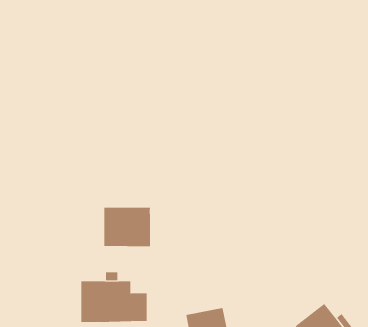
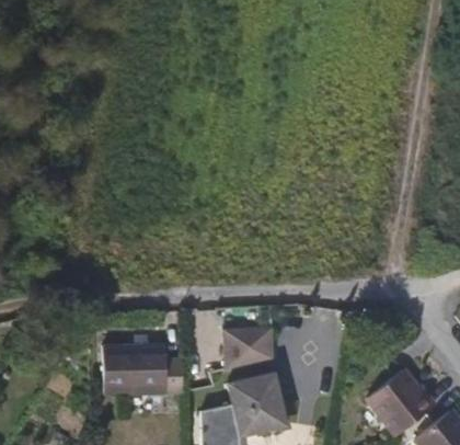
building: [104,207,151,247] -> none
building: none -> [219,327,272,366]

